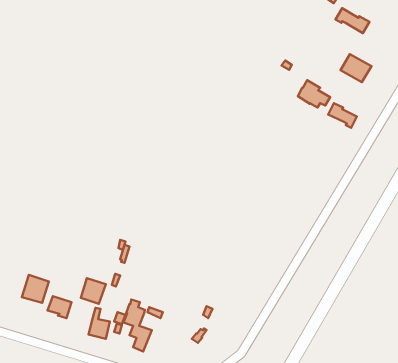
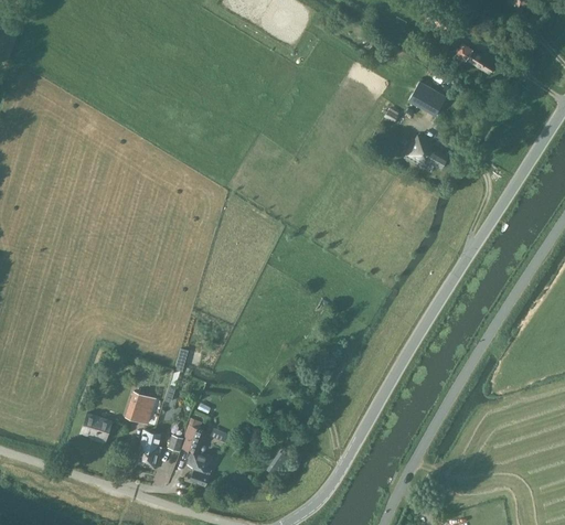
building: [341,54,371,82] -> [407,79,447,116]
building: [328,103,357,128] -> none
building: [22,275,49,303] -> none

